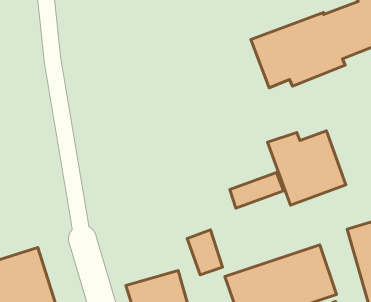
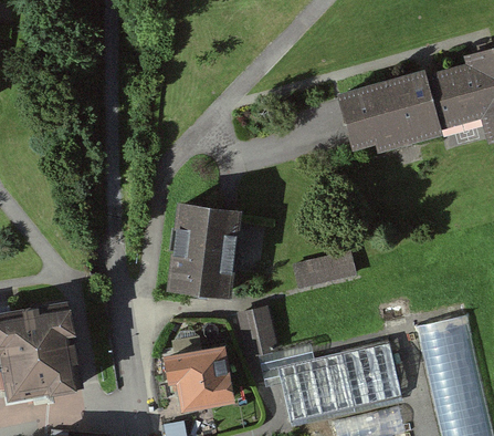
building: [268,131,346,205] -> none
building: none -> [167,205,239,299]

